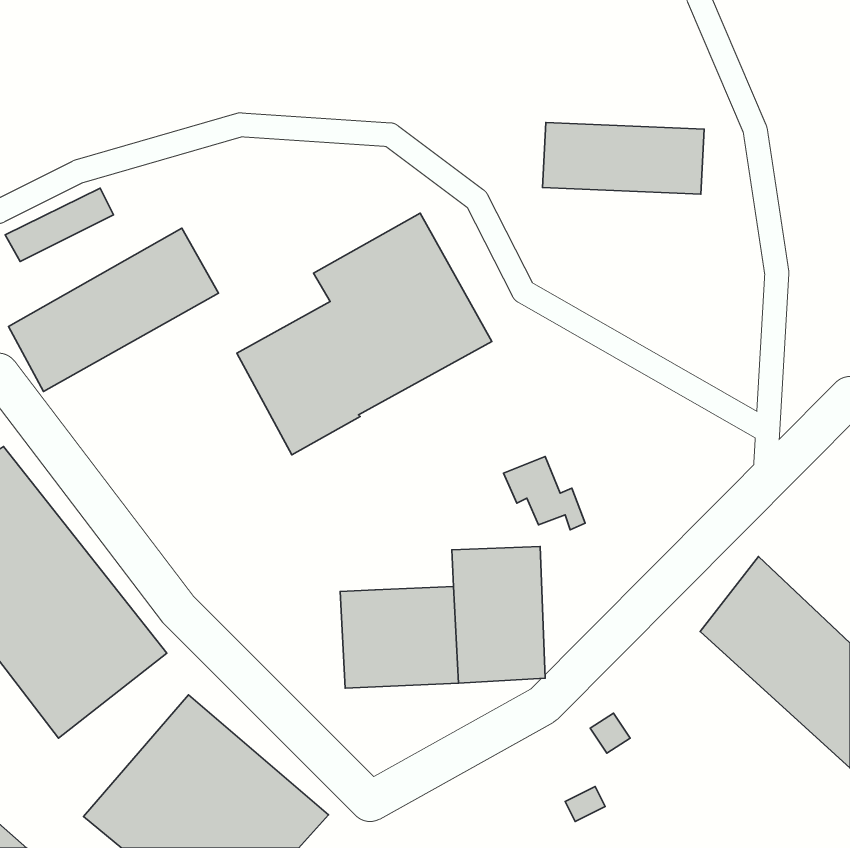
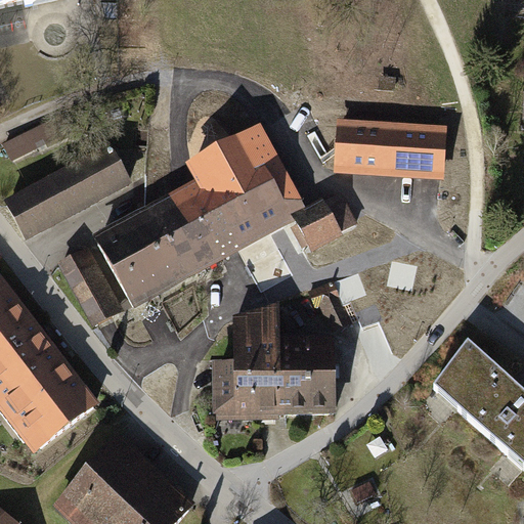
building: [543,123,704,194] -> [341,126,440,170]
building: none -> [295,195,355,249]
building: none -> [98,217,179,305]
building: none -> [61,251,114,325]
building: none -> [230,304,278,362]

